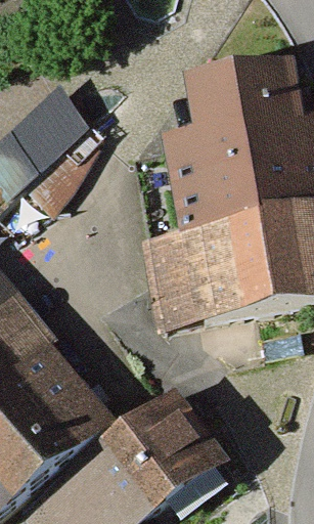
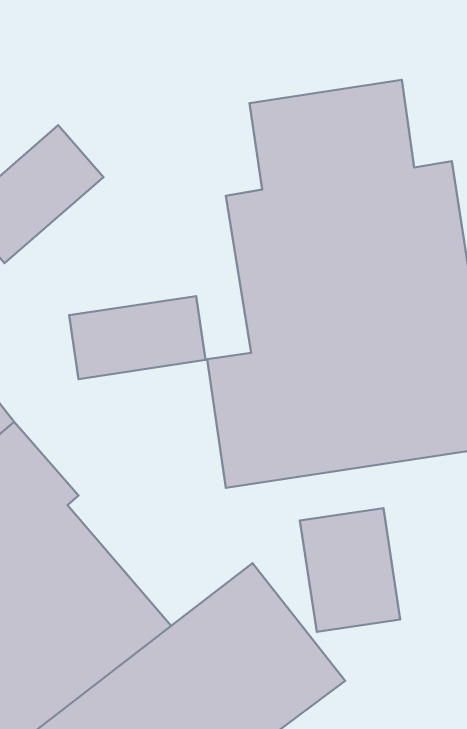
building: none -> [69,296,206,379]
building: none -> [300,508,400,632]

